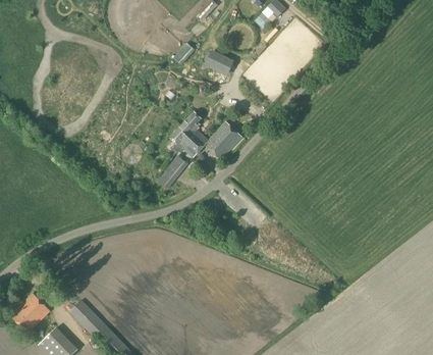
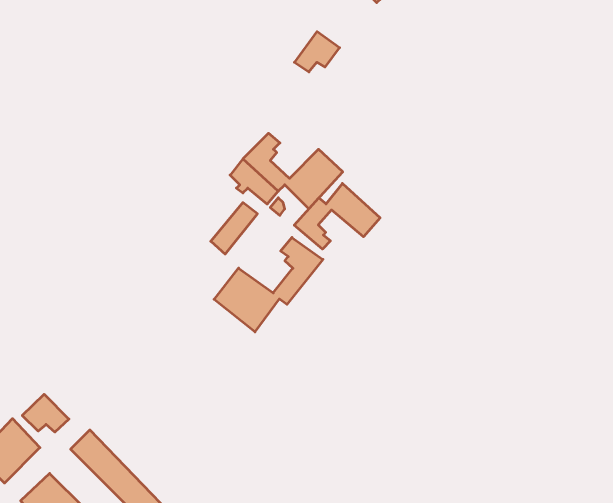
building: none -> [294,183,380,249]
building: none -> [214,237,323,332]
building: none -> [22,394,69,432]

